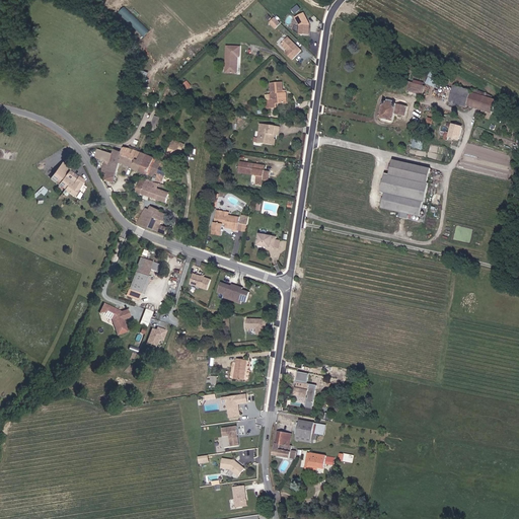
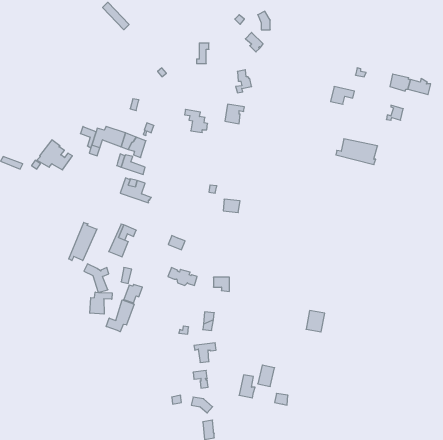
building: [243,157,270,183] -> [185,109,208,132]
building: [381,179,428,218] -> none
building: [212,207,238,232] -> none
building: none -> [69,222,97,261]
building: [216,281,249,301] -> [168,268,197,285]
building: none -> [90,292,112,314]
building: none -> [106,300,134,332]
building: [294,373,315,397] -> [306,311,325,332]

